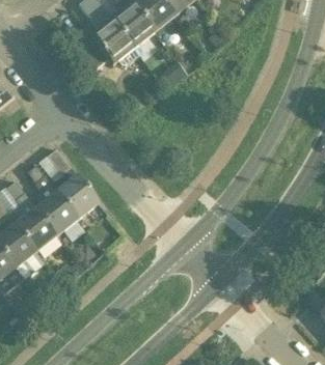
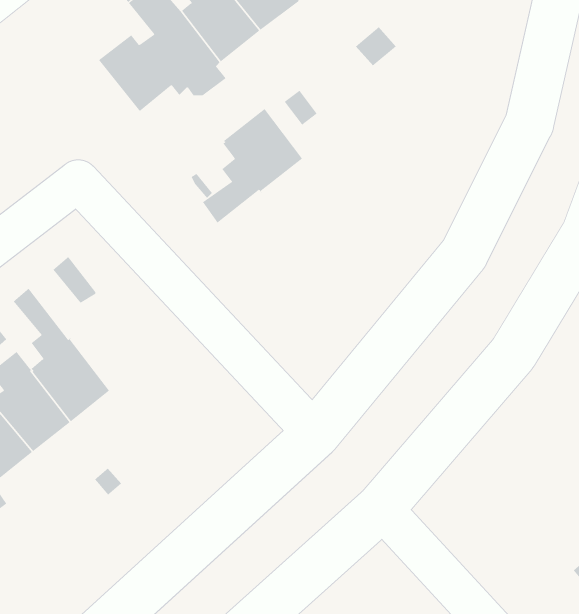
building: none -> [202,108,303,223]
building: [56,176,98,219] -> none

